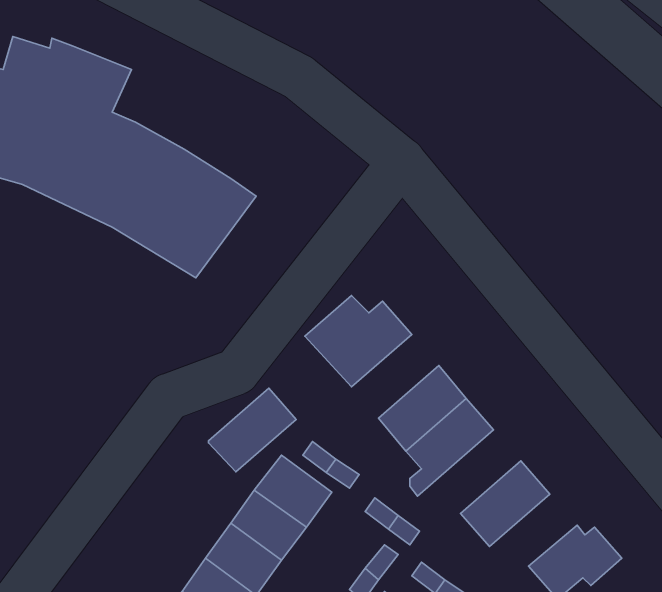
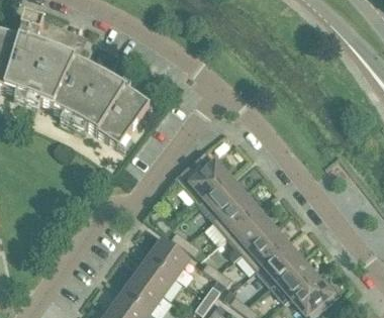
building: [209,388,296,472] -> [200,175,246,218]
building: none -> [243,224,288,268]
building: none -> [272,257,317,301]

